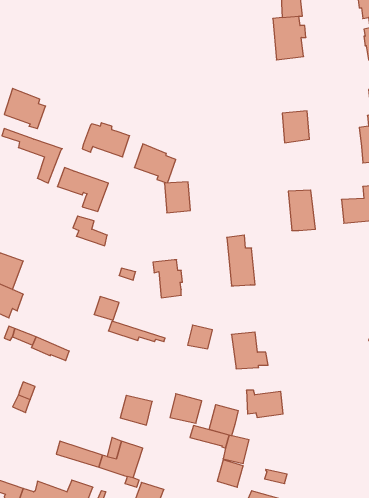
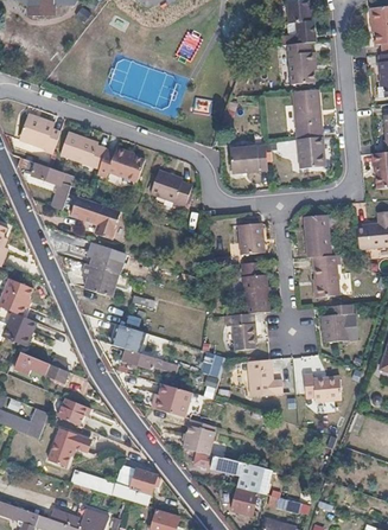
building: none -> [292,90,322,140]
building: none -> [59,134,104,171]
building: none -> [230,145,266,172]
building: [164,182,190,213] -> [236,224,262,255]
building: none -> [313,255,339,295]
building: none -> [82,263,119,296]
building: [153,260,182,298] -> [224,313,254,351]
building: none -> [320,304,355,341]
building: none -> [56,398,88,426]
building: [246,390,283,417] -> [304,376,341,403]
building: [120,395,152,425] -> [158,387,190,416]
building: none -> [45,428,84,466]
building: [209,405,238,436] -> none

